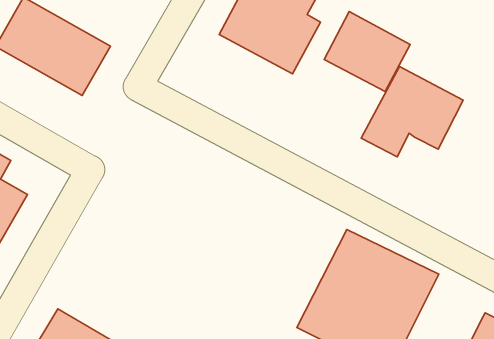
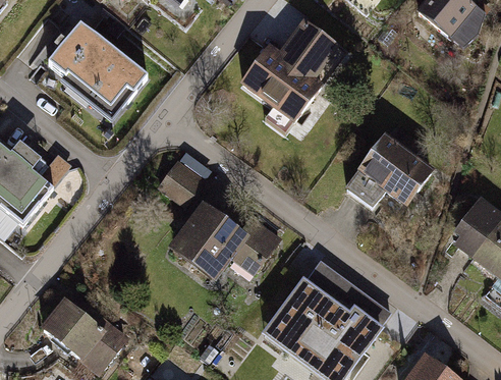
building: [324,12,410,92] -> none
building: none -> [160,148,213,204]
building: none -> [165,202,276,284]

